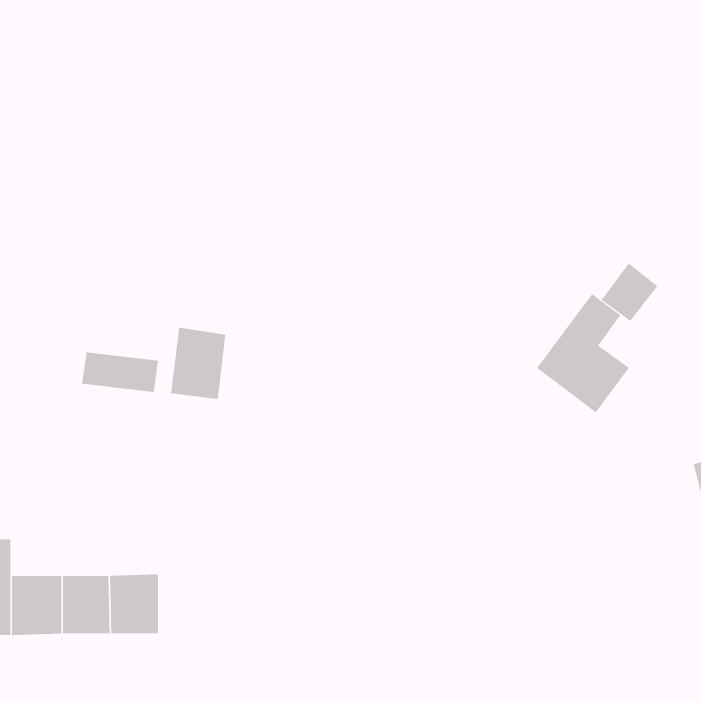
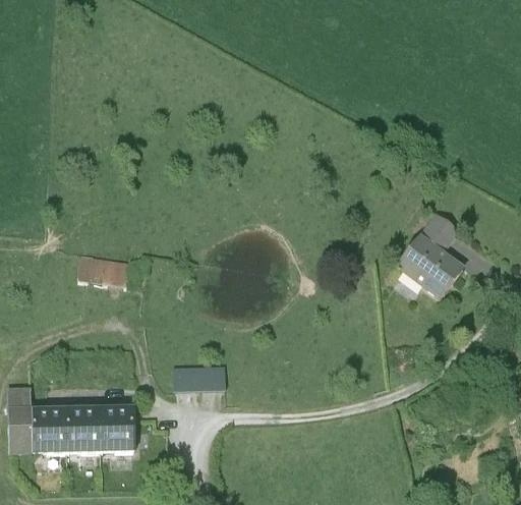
building: [601,262,658,322] -> none
building: [171,327,226,400] -> none
building: none -> [171,363,225,389]

